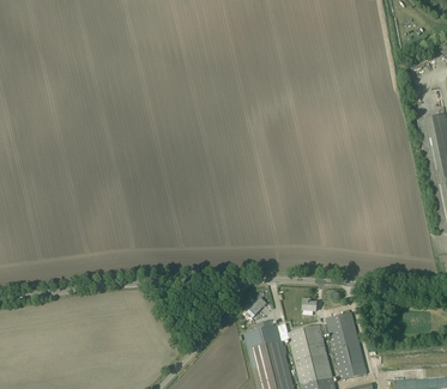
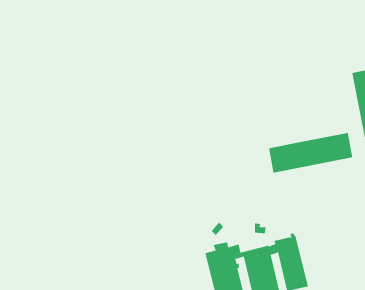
building: none -> [268,132,353,173]

